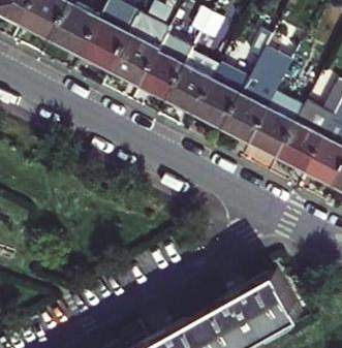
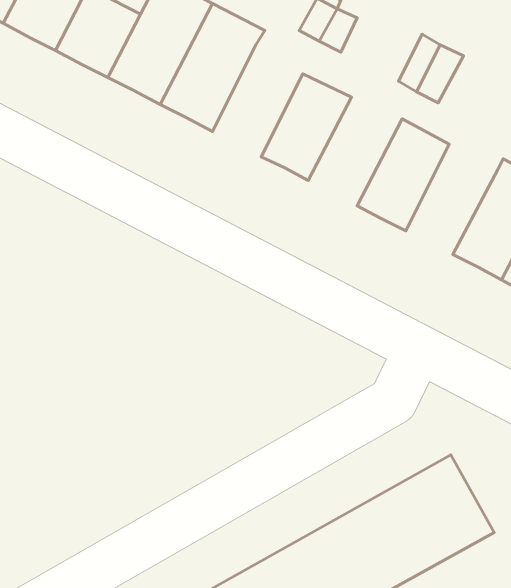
building: [142,37,194,101] -> none
building: [196,65,250,129] -> none
building: [252,94,305,157] -> none

